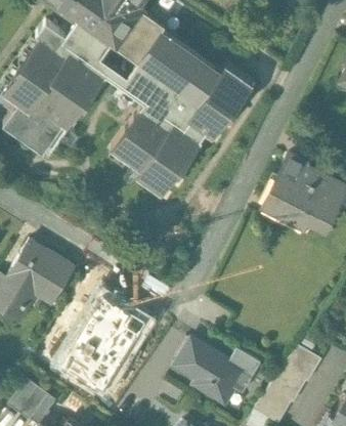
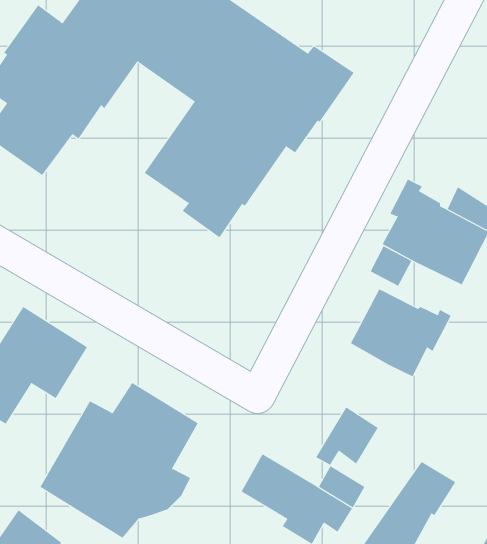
building: none -> [350,289,451,377]
building: none -> [316,406,378,466]

